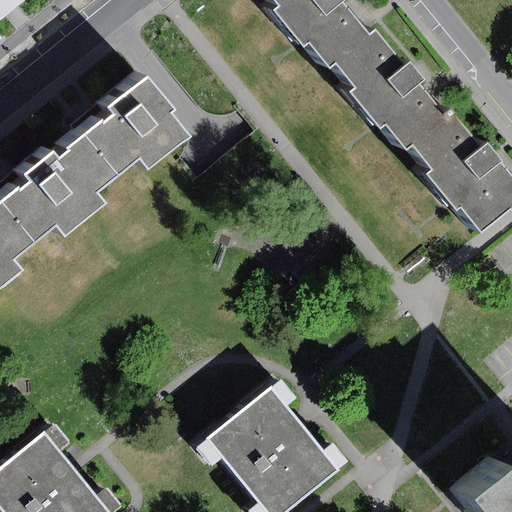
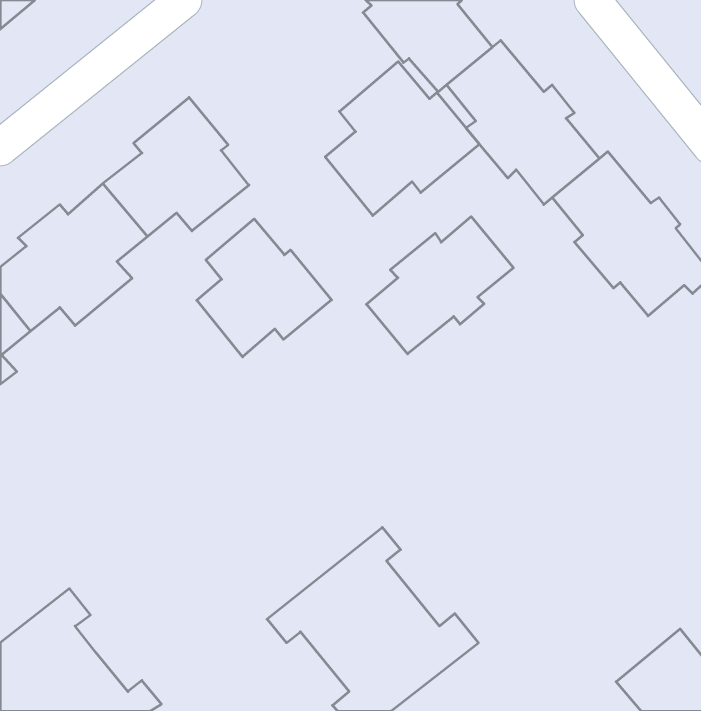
building: none -> [325,62,479,216]
building: none -> [366,217,513,354]
building: none -> [197,219,332,357]

